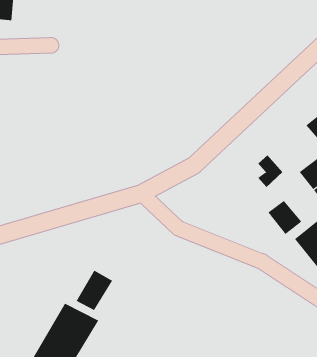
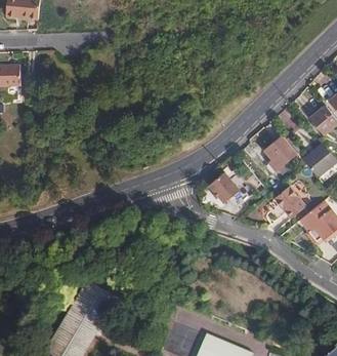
building: none -> [208,172,241,206]
building: [76,270,113,311] -> none

